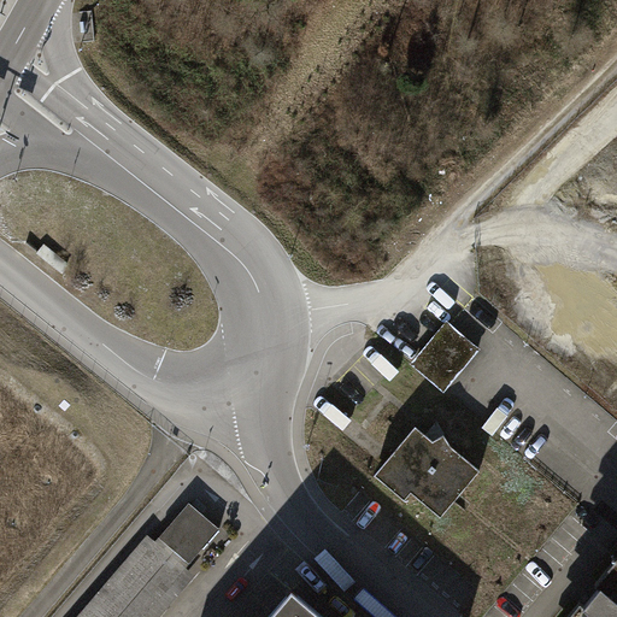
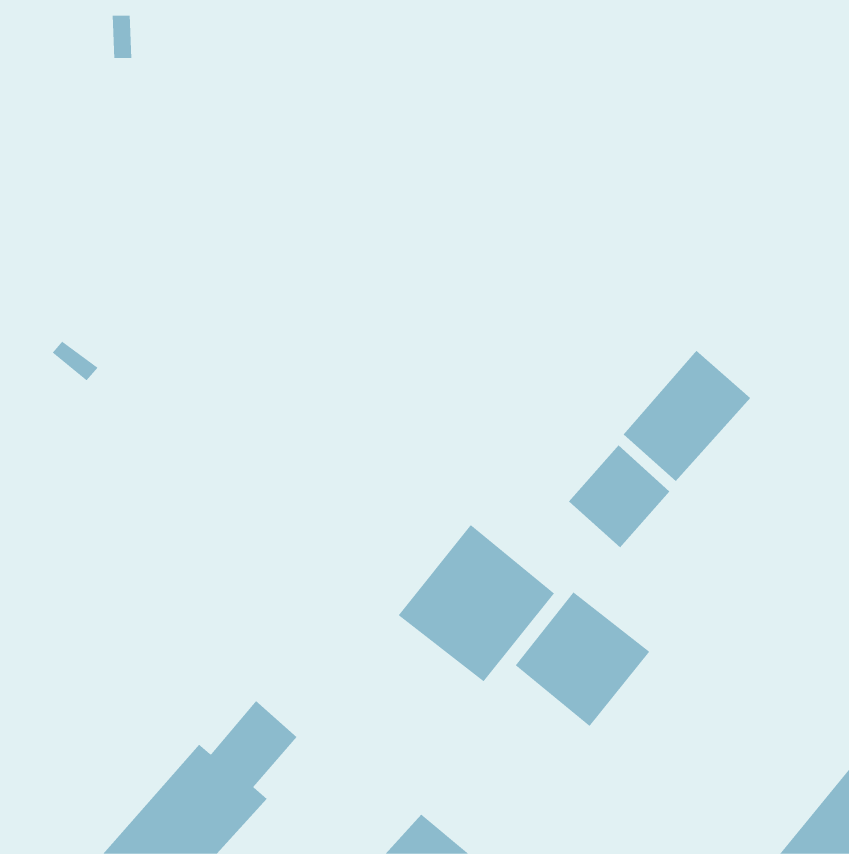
building: none -> [623,350,751,482]
building: none -> [398,524,555,682]

